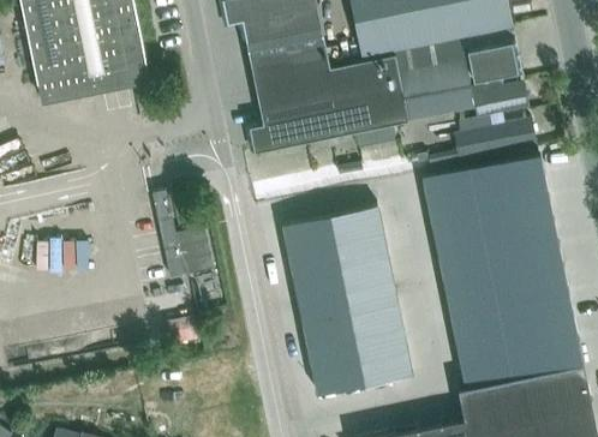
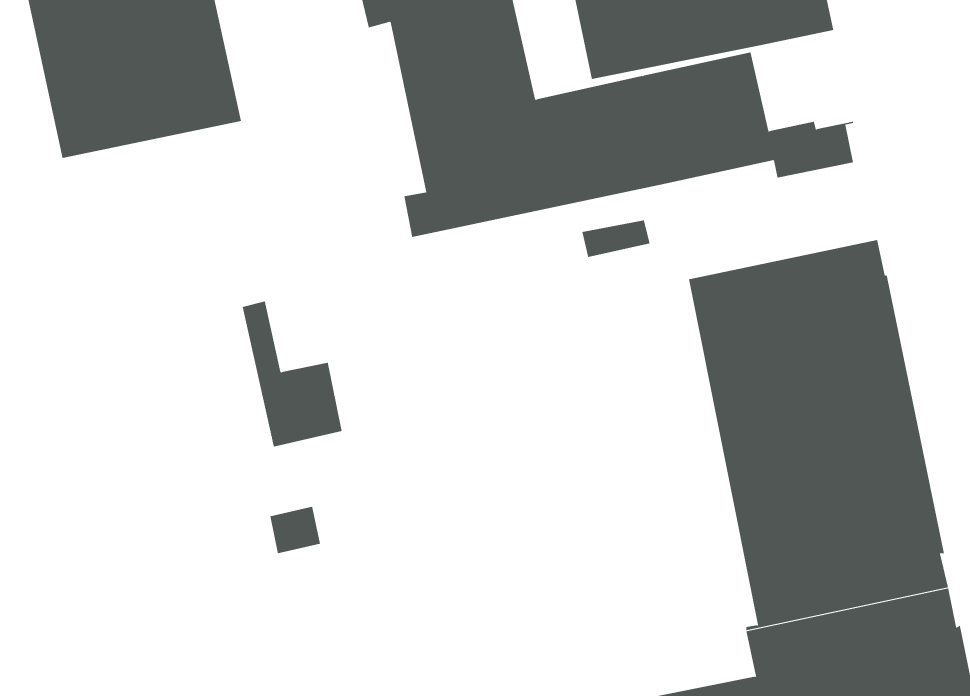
building: [466,26,522,84] -> none
building: [462,122,537,160] -> none
building: [282,205,412,395] -> none

